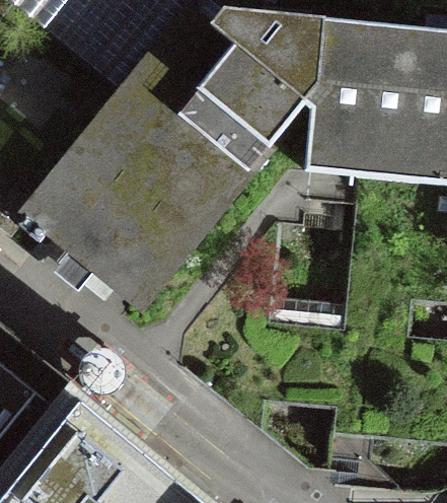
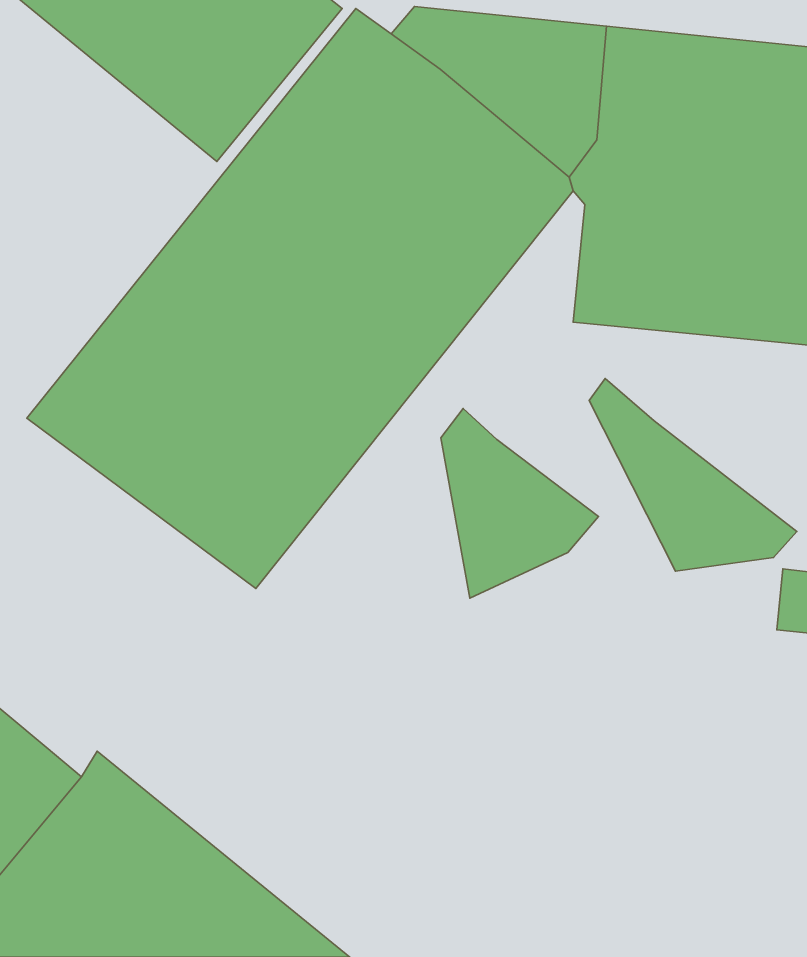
building: none -> [589,378,797,571]
building: none -> [441,409,598,598]

